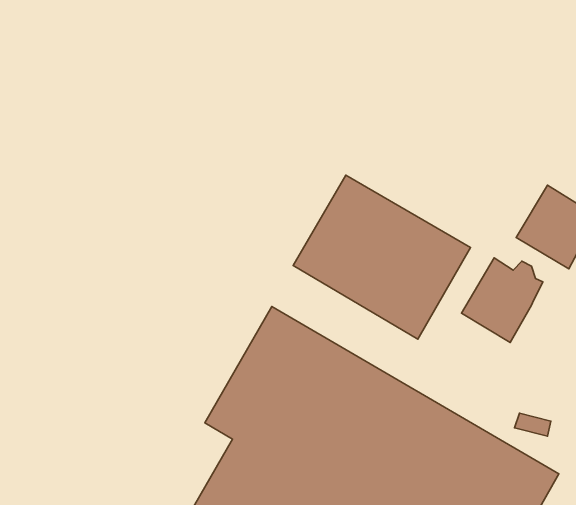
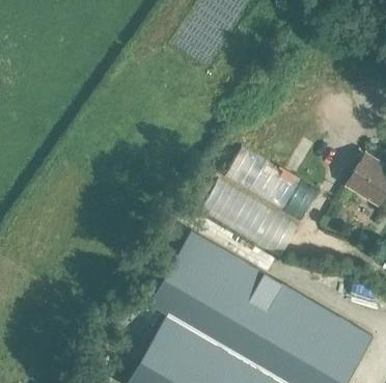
building: [461,258,543,342] -> none

